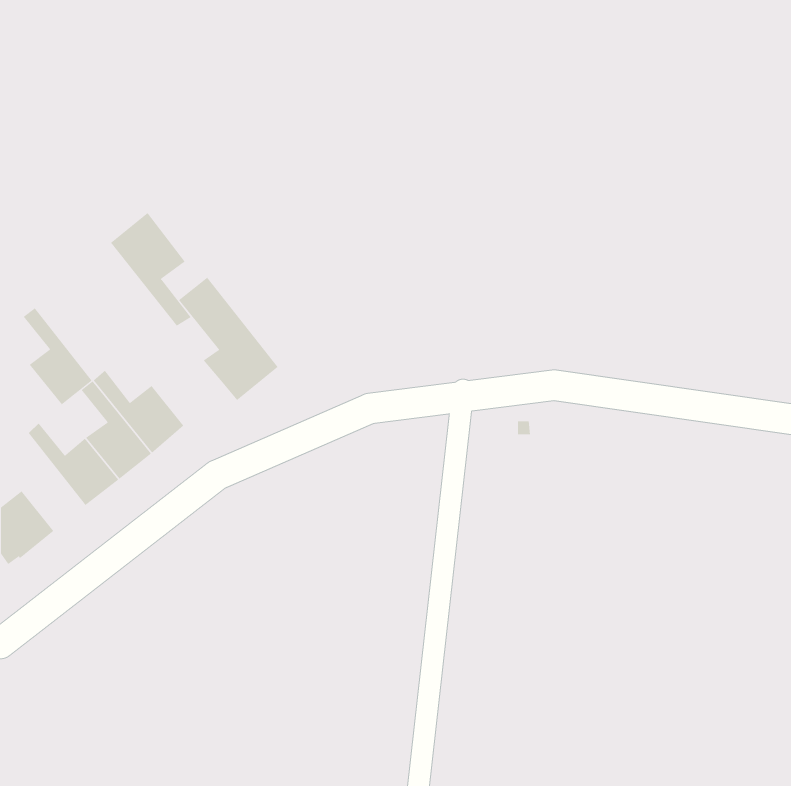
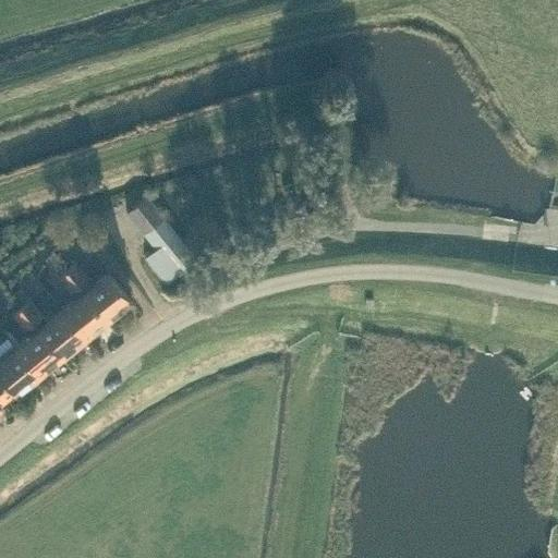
building: [110,212,191,327] -> none
building: [23,308,92,405] -> [11,308,60,377]

